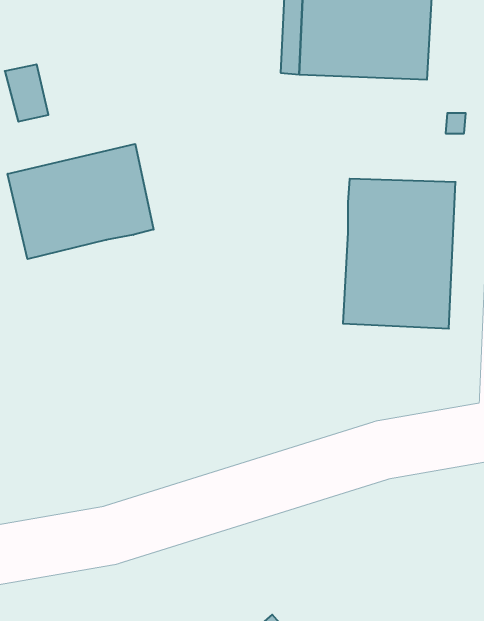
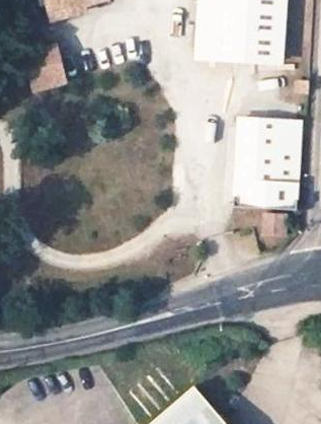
building: [8,144,154,259] -> none

